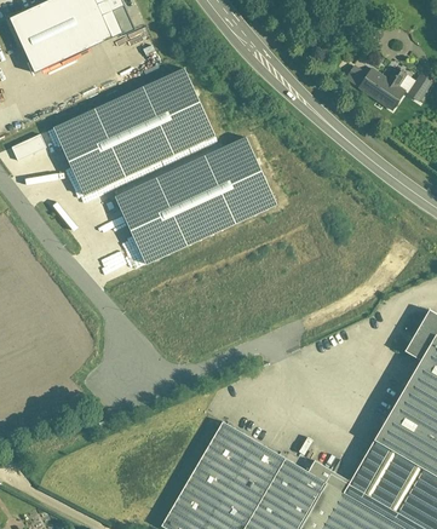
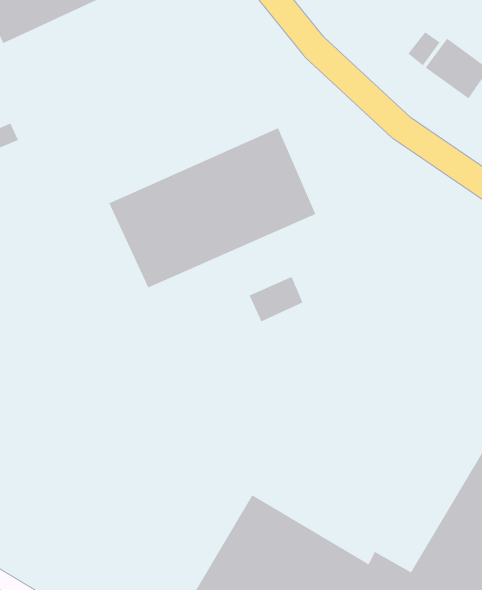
building: [54,69,214,192] -> none
building: none -> [249,276,303,322]

